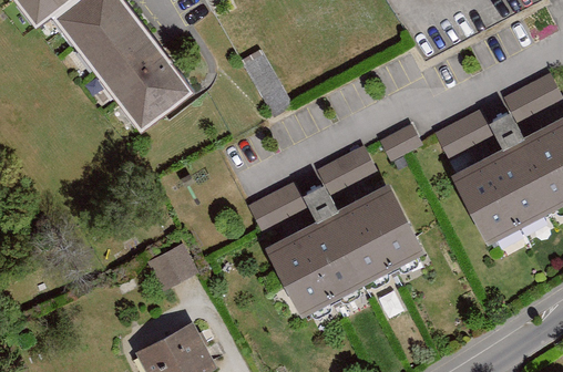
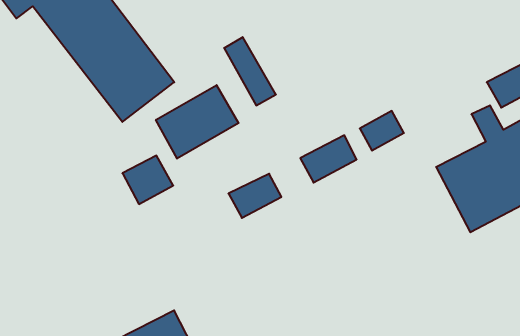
building: none -> [156,85,239,159]
building: [434,108,488,154] -> none
building: [268,187,424,317] -> none
building: [147,241,198,290] -> [122,156,173,204]

